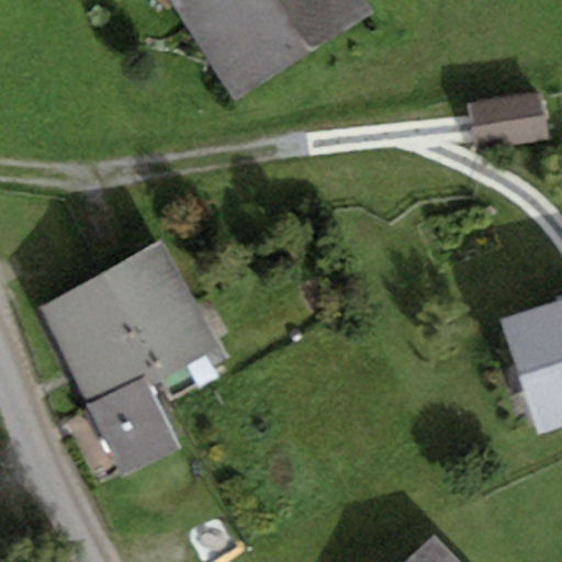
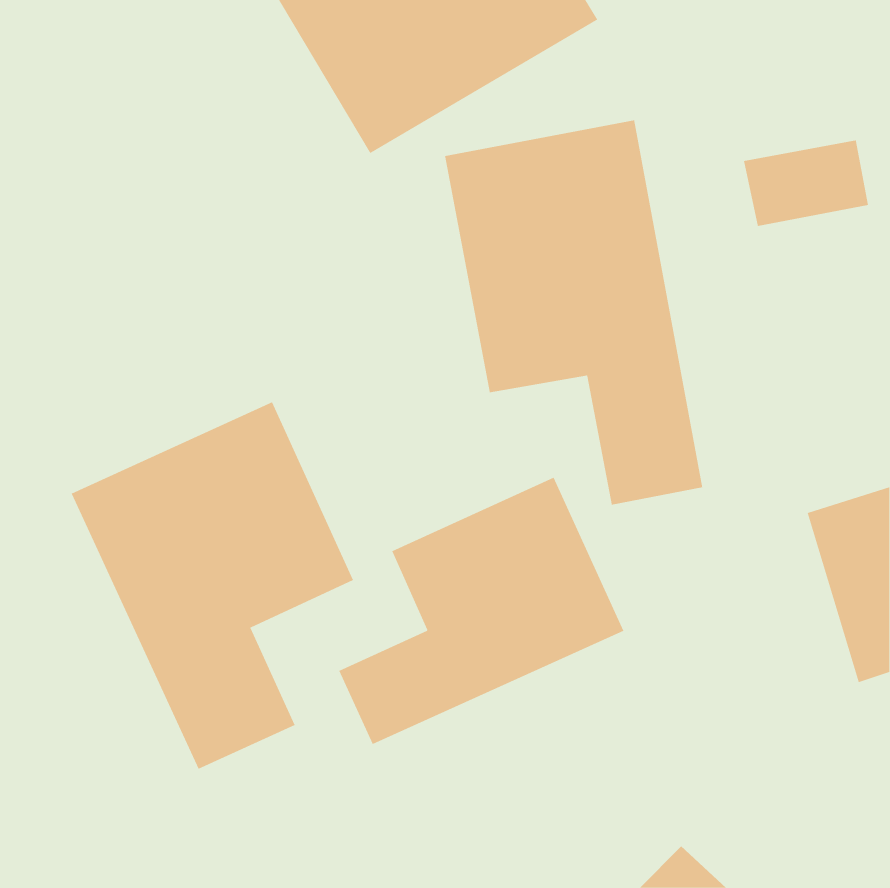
building: none -> [445,120,703,505]
building: none -> [338,477,624,745]

